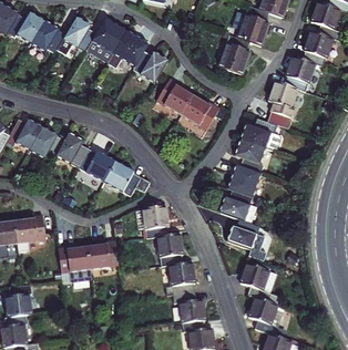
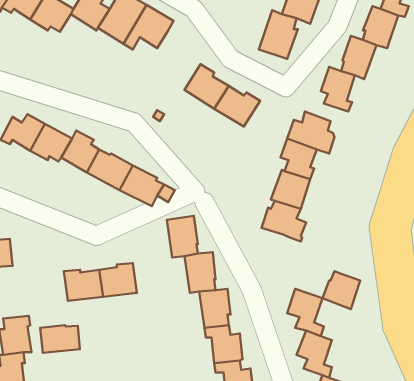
building: [133,51,168,82] -> none
building: [14,215,47,244] -> none
building: [228,218,259,249] -> [322,271,360,309]
building: none -> [40,325,80,353]

